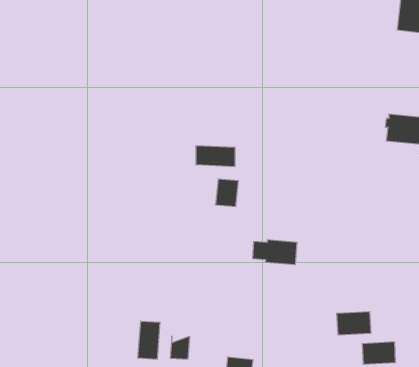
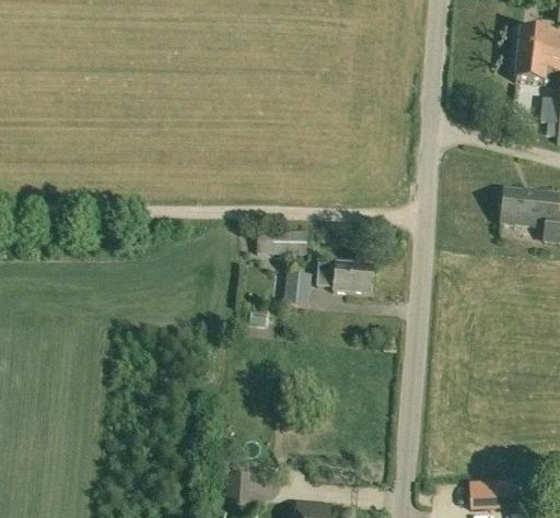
building: [253,240,297,265] -> [317,261,374,293]
building: [337,312,371,335] -> none
building: [138,321,160,359] -> none

